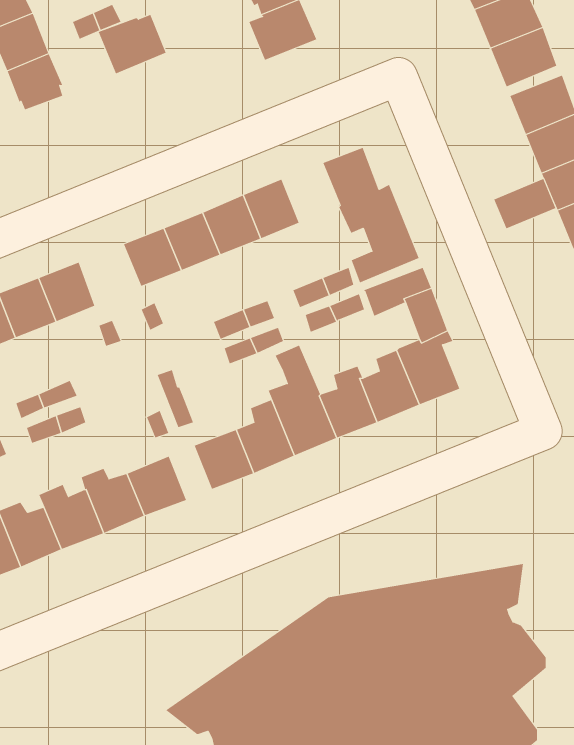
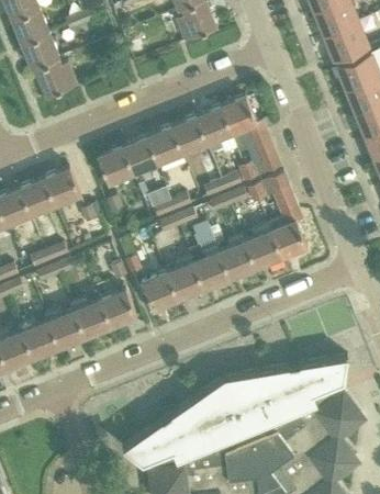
building: [98,14,167,74] -> [35,65,78,102]
building: none -> [195,109,232,155]
building: [493,178,556,229] -> none

